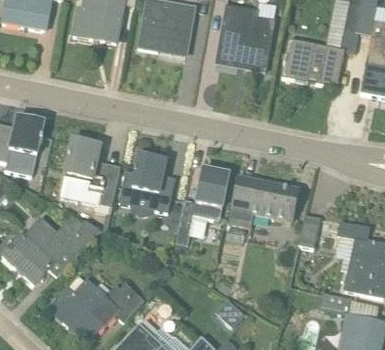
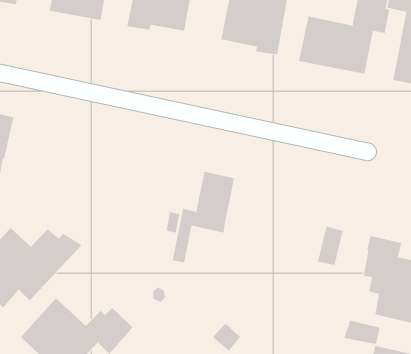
building: [61,141,120,206] -> none
building: [118,155,174,215] -> none
building: [228,176,298,227] -> none

